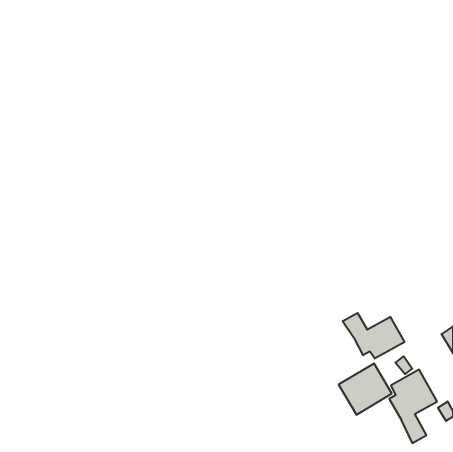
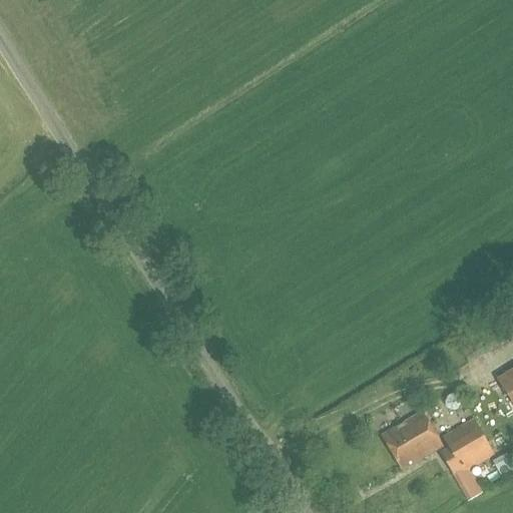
building: [343,313,404,359] -> none

